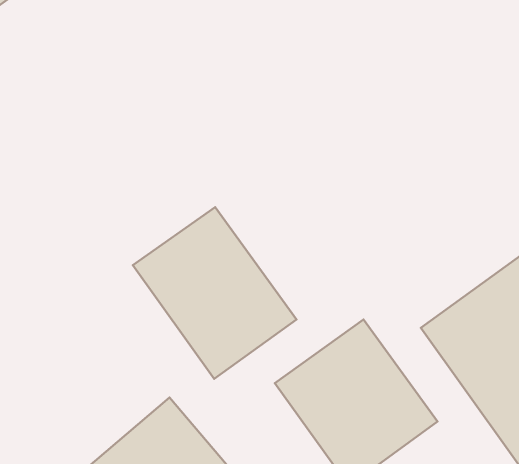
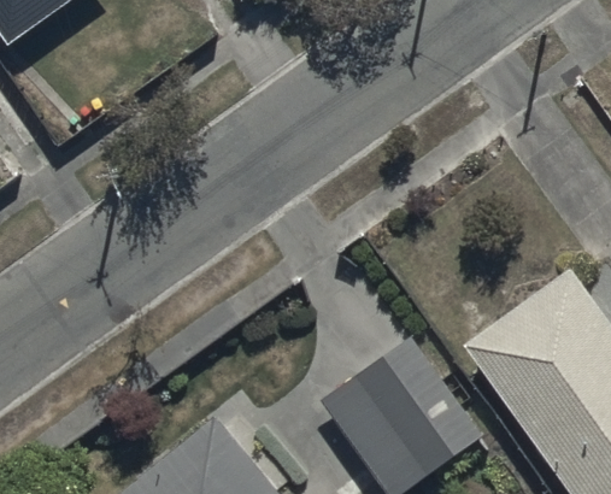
building: [133,207,296,379] -> none

